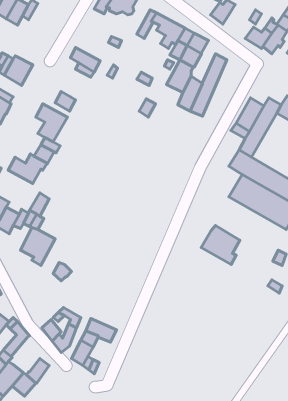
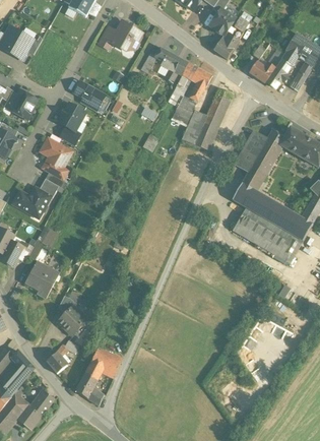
building: none -> [58,103,85,130]
building: [201,225,240,265] -> none
building: none -> [59,309,88,335]

